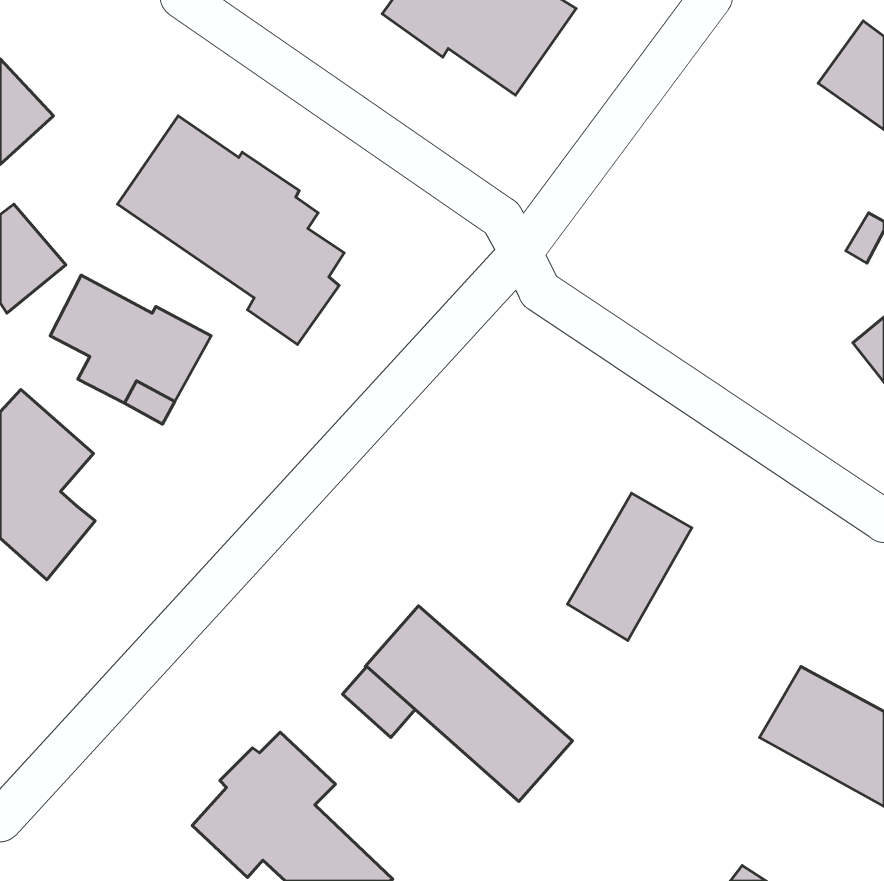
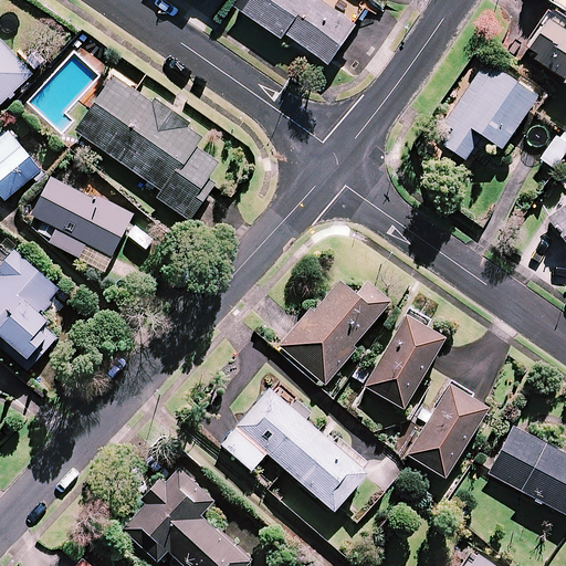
building: none -> [432,65,534,161]
building: none -> [277,280,388,384]
building: none -> [403,385,486,479]

